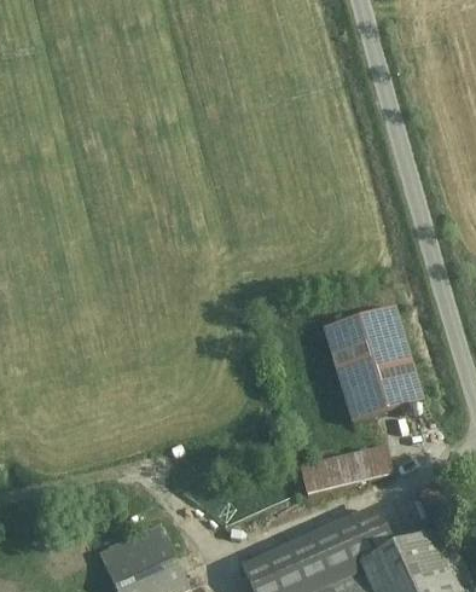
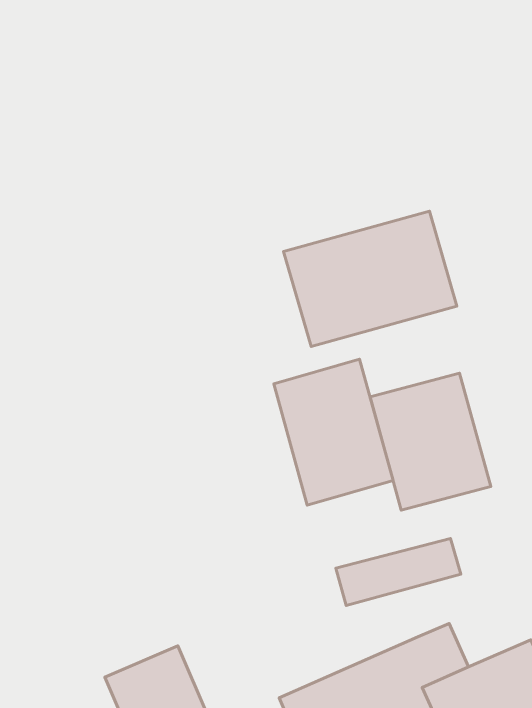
building: none -> [284,211,457,347]
building: none -> [274,359,393,505]

